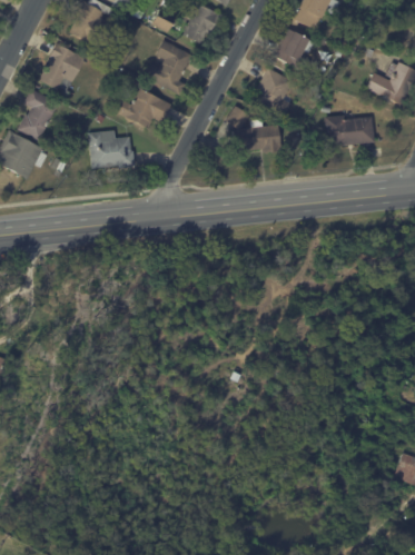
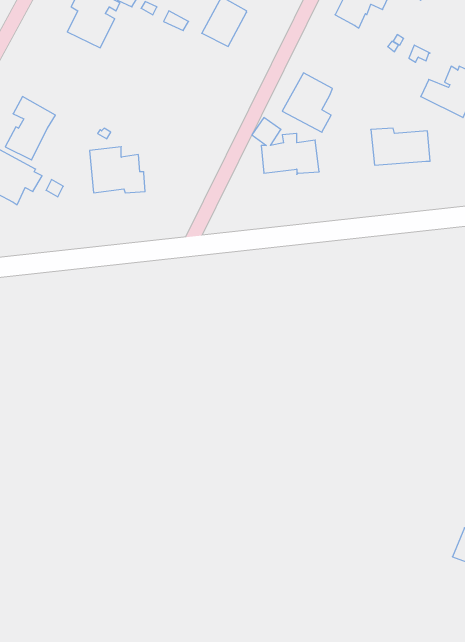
building: [275,29,314,67] -> none
building: [145,40,192,95] -> none
building: [38,42,86,90] -> none
building: [117,89,171,128] -> none

